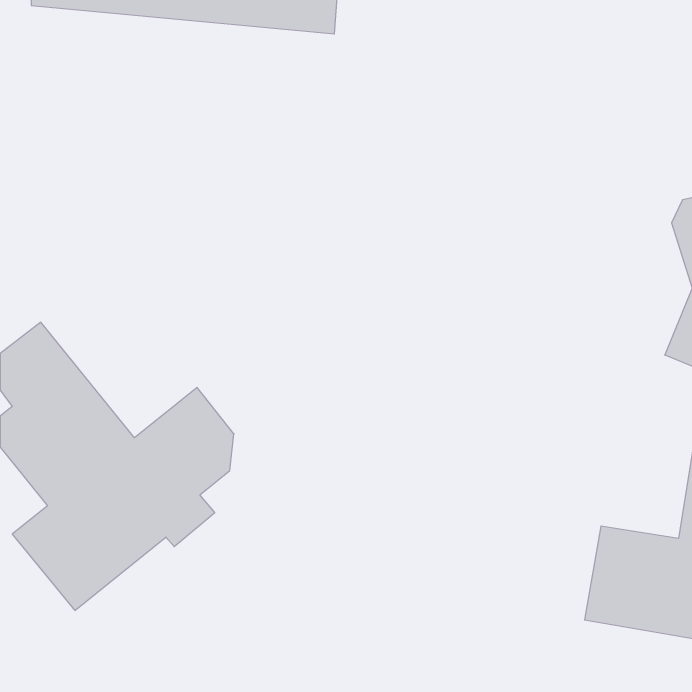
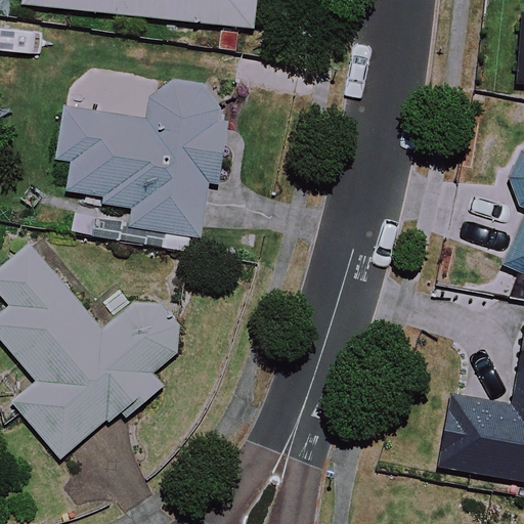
building: none -> [60,80,226,235]

